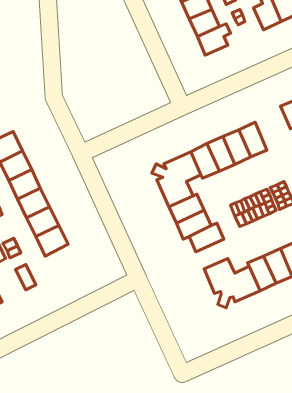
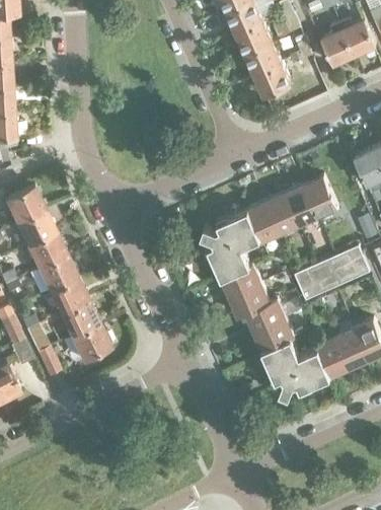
building: none -> [252,312,302,351]
building: none -> [72,321,110,359]

